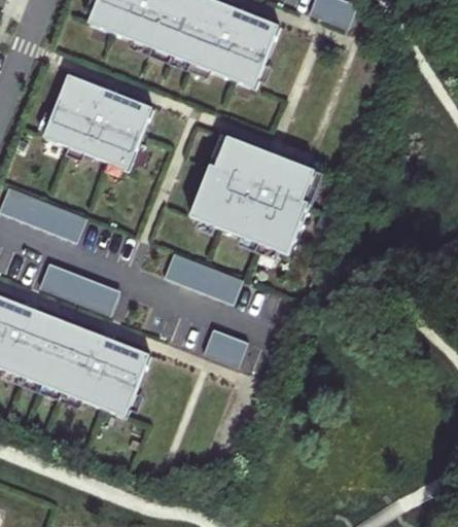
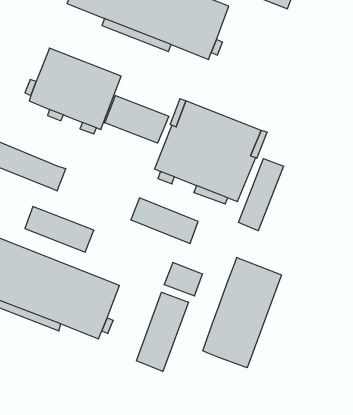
building: none -> [105,95,169,143]
building: none -> [238,159,284,231]
building: none -> [203,257,282,368]
building: none -> [137,292,189,372]

